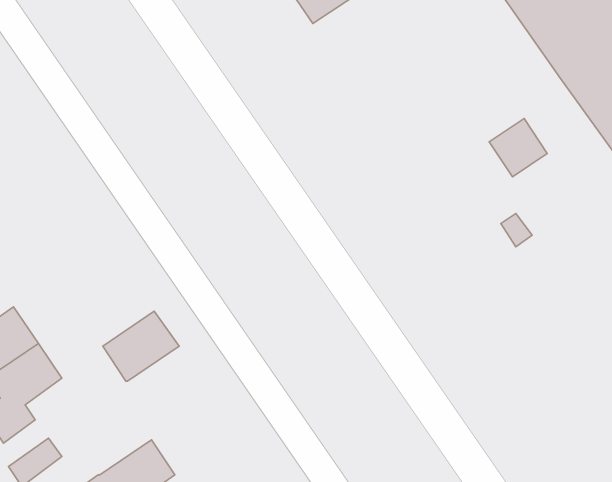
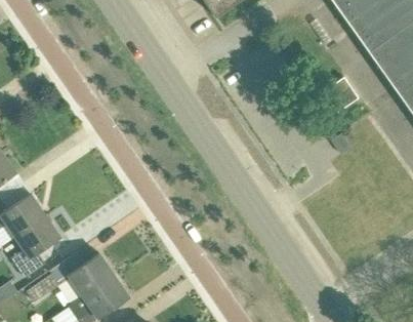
building: [103,311,179,381] -> [68,253,115,296]

